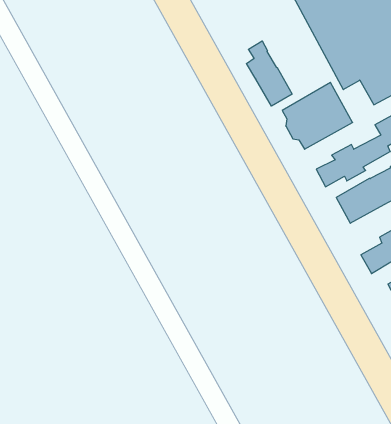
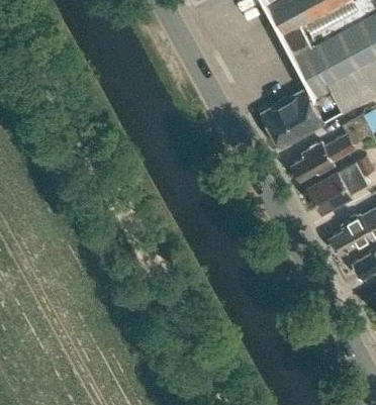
building: [246,41,292,106] -> none

